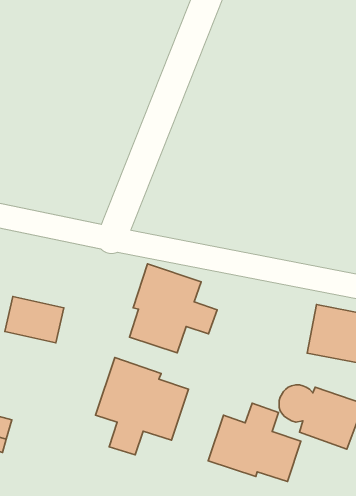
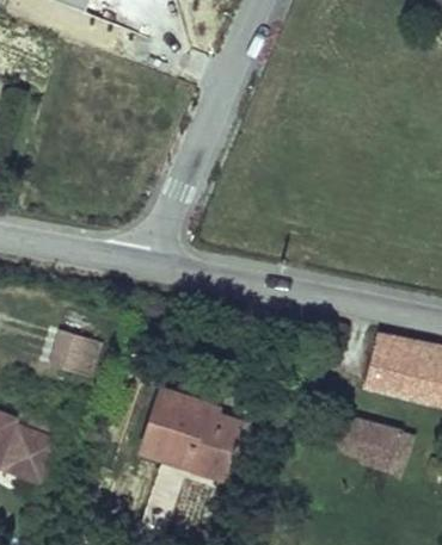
building: [130,264,217,353] -> none
building: [208,403,301,482] -> none

